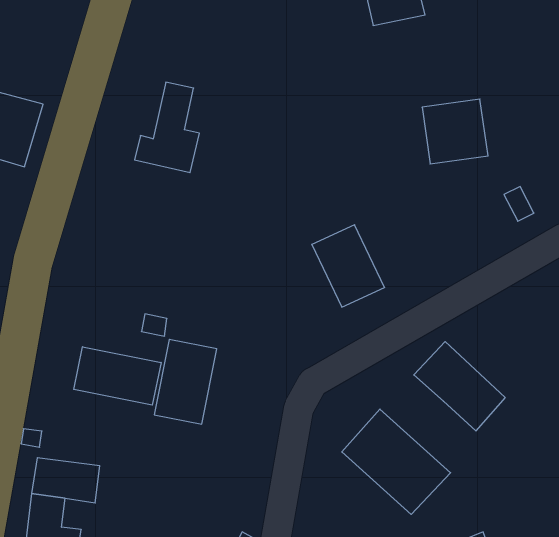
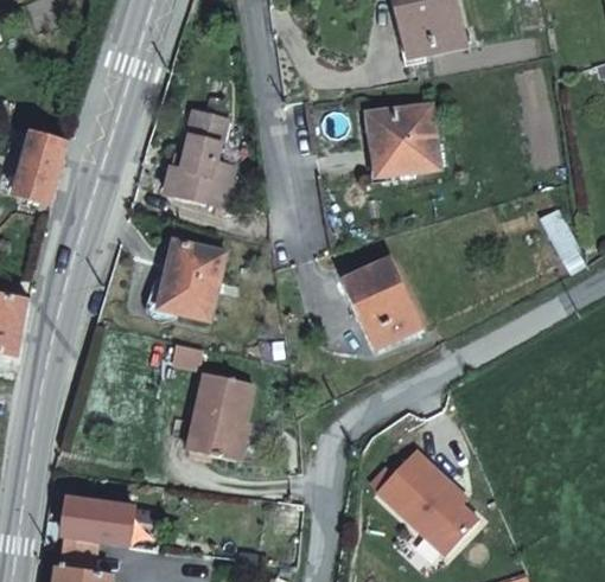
building: [422,99,488,164] -> [368,104,435,171]
building: none -> [159,239,223,316]
building: [414,342,505,431] -> none
building: [74,347,161,405] -> none

